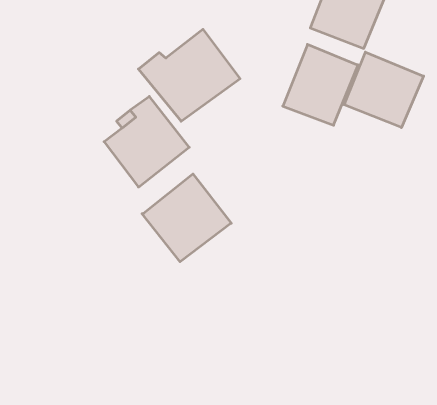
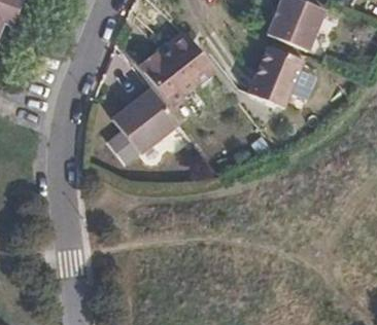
building: [344,52,424,128] -> none
building: [142,174,231,262] -> none

